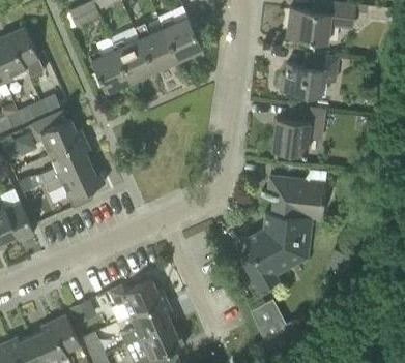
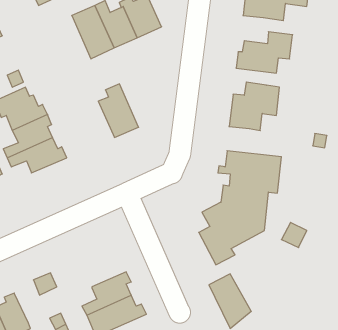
building: [88,38,129,93] -> [98,84,139,137]
building: [108,280,166,323] -> none
building: [51,315,80,354] -> none

